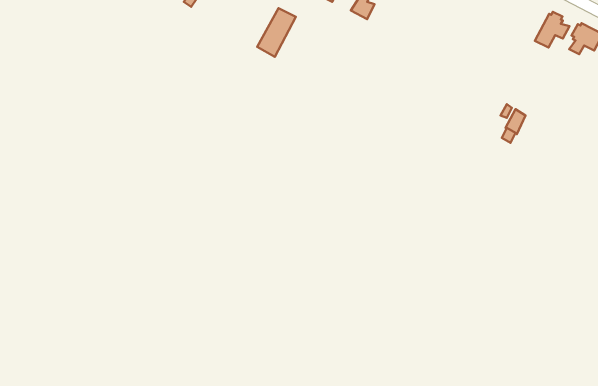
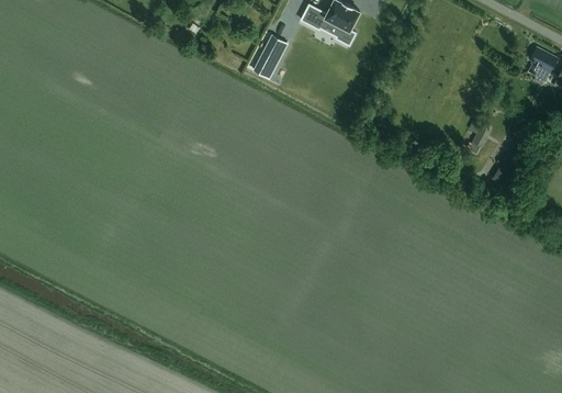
building: [535,12,570,48] -> none

